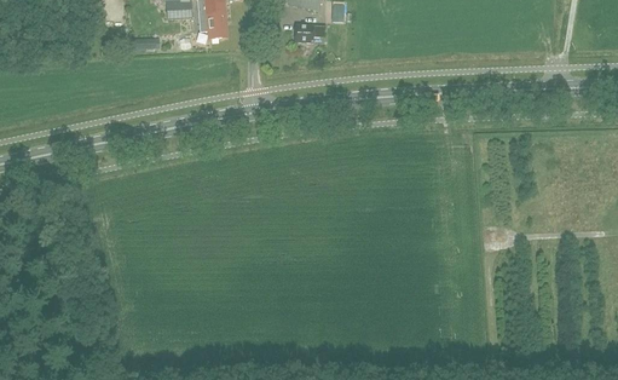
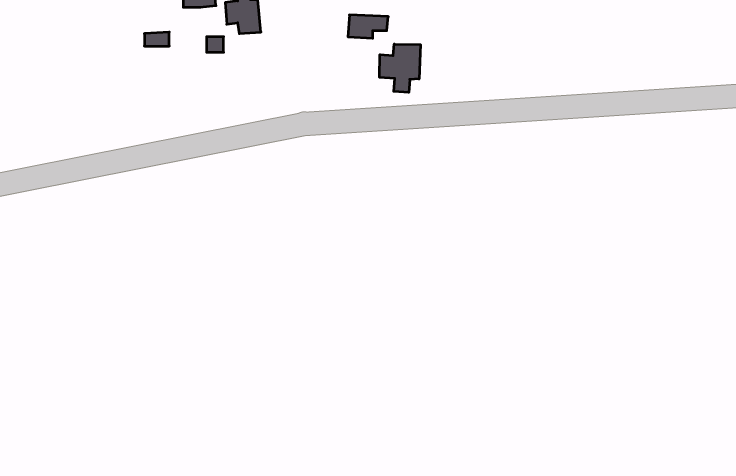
building: none -> [380,44,420,92]

